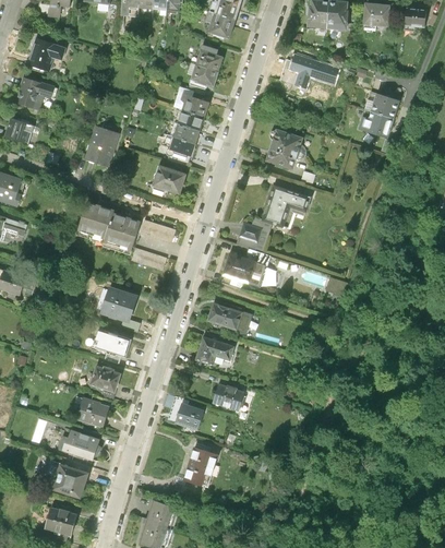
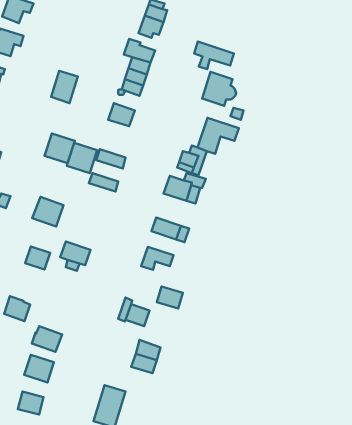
building: [289,55,336,87] -> [194,42,234,69]
building: [357,93,397,136] -> none
building: [103,285,140,320] -> [32,197,63,226]
building: [92,365,121,392] -> [25,246,50,270]
building: [77,397,108,427] -> [4,296,30,321]

